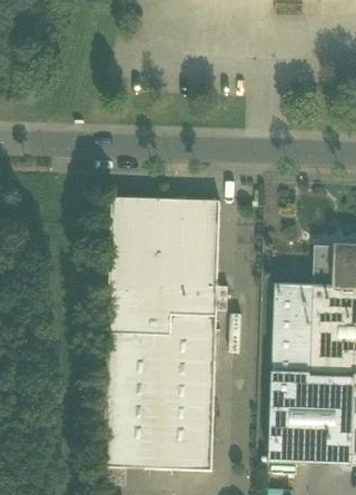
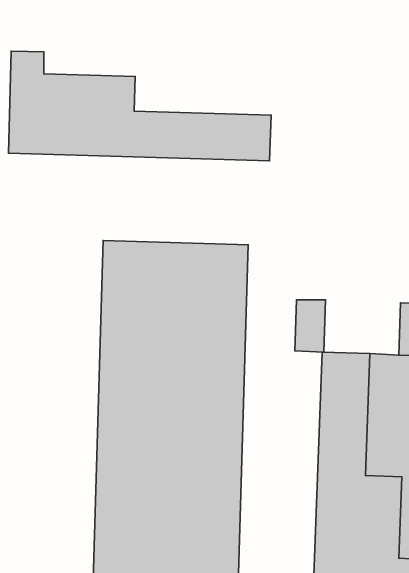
building: none -> [8,51,271,161]
building: [313,242,336,283] -> [295,300,325,352]

